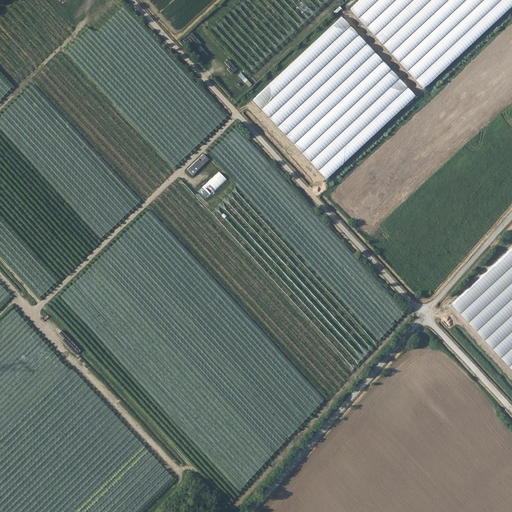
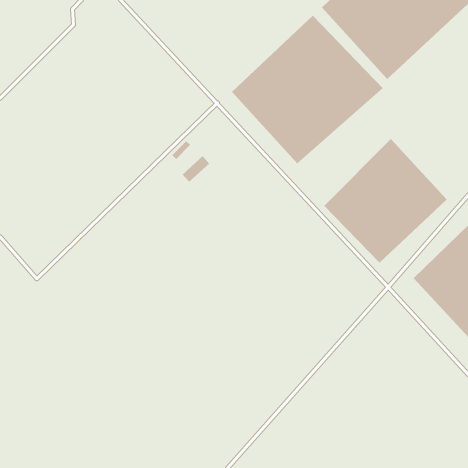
building: none -> [323,138,447,263]

